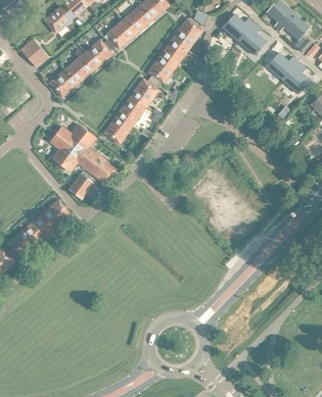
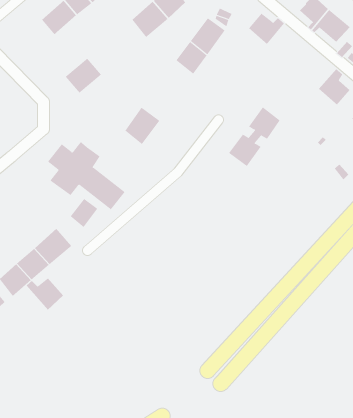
building: [84,20,134,67] -> none
building: [238,23,266,55] -> none
building: [19,39,47,67] -> none
building: [266,53,297,80] -> none
building: [130,55,175,107] -> [228,106,280,167]
building: [48,69,77,98] -> none
building: [103,115,131,144] -> none
building: none -> [26,277,64,311]

